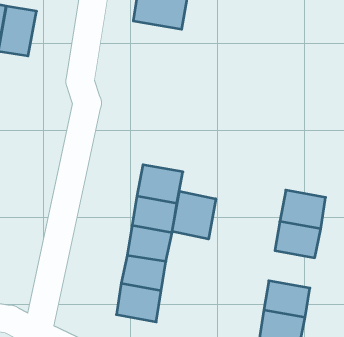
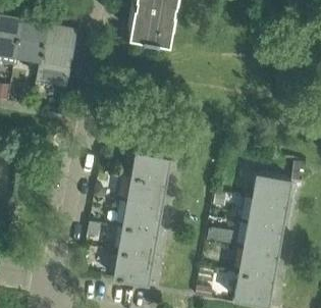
building: none -> [37,25,75,88]
building: [172,191,216,239] -> none
building: none -> [243,227,281,259]

